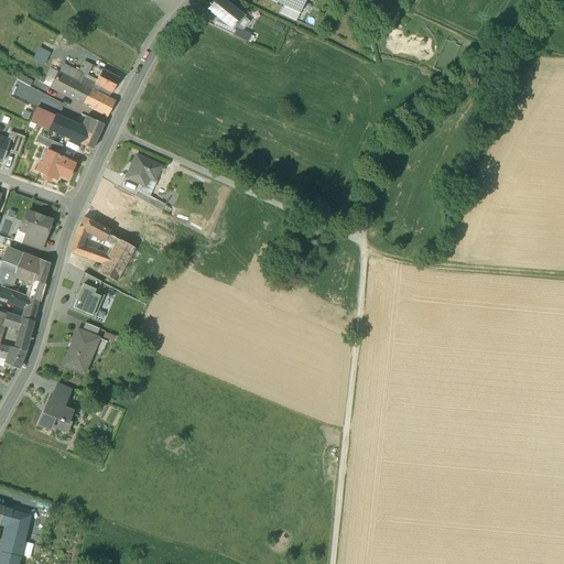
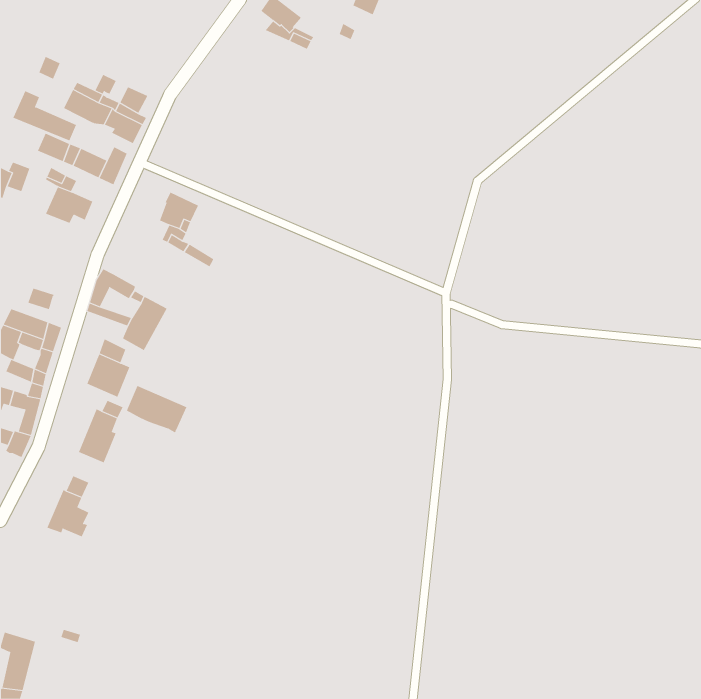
building: [20,210,51,238] -> none
building: none -> [126,385,187,433]

